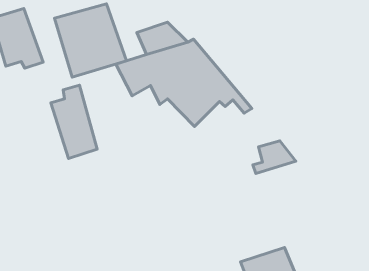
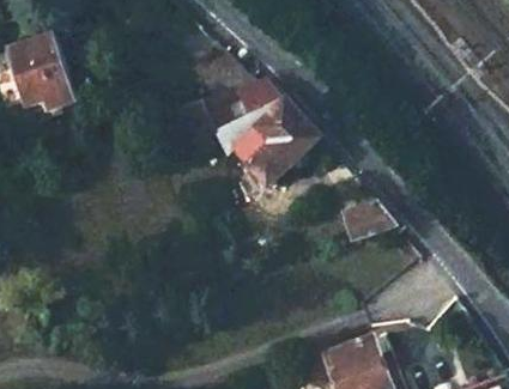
building: [55,4,127,77] -> none
building: [51,85,97,159] -> none

